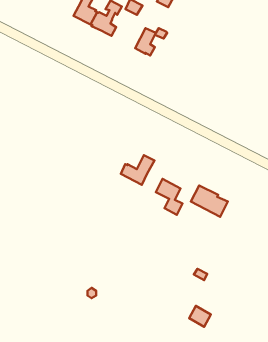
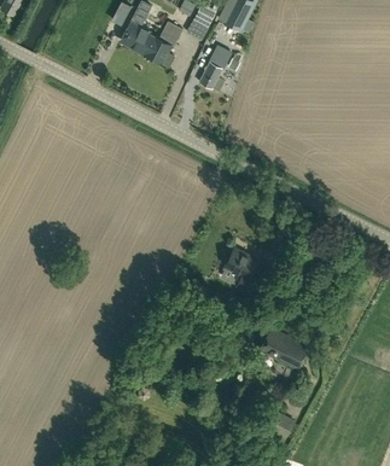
building: [121,155,155,185] -> none
building: [191,185,228,217] -> [260,327,307,367]

